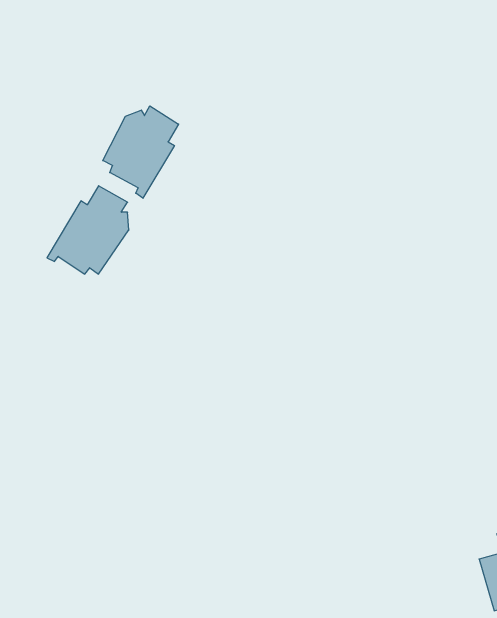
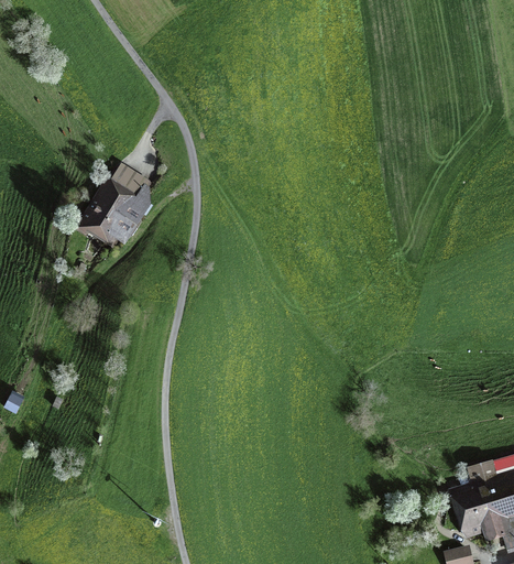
building: [103,106,179,198] -> none

